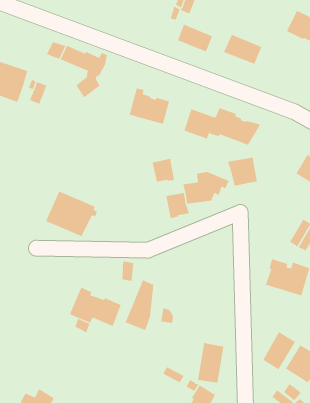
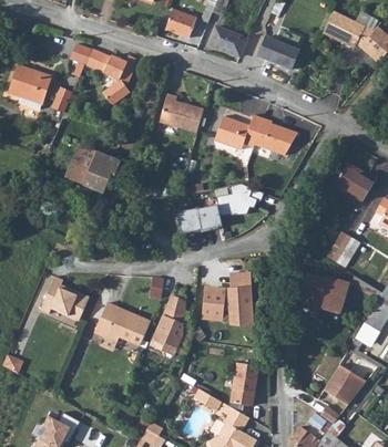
building: none -> [165,9,196,37]
building: [227,157,258,186] -> none
building: [152,158,175,182] -> [176,207,201,232]
building: [45,191,98,237] -> [63,143,119,191]
building: none -> [203,272,252,322]
building: none -> [40,277,89,321]
building: [262,331,296,370] -> none

